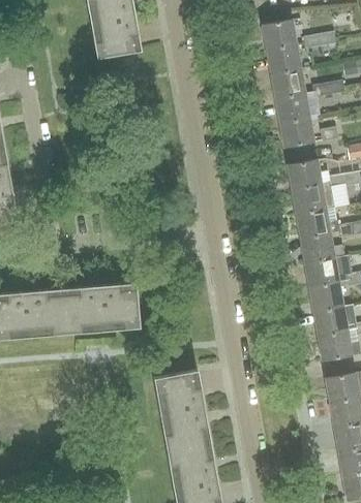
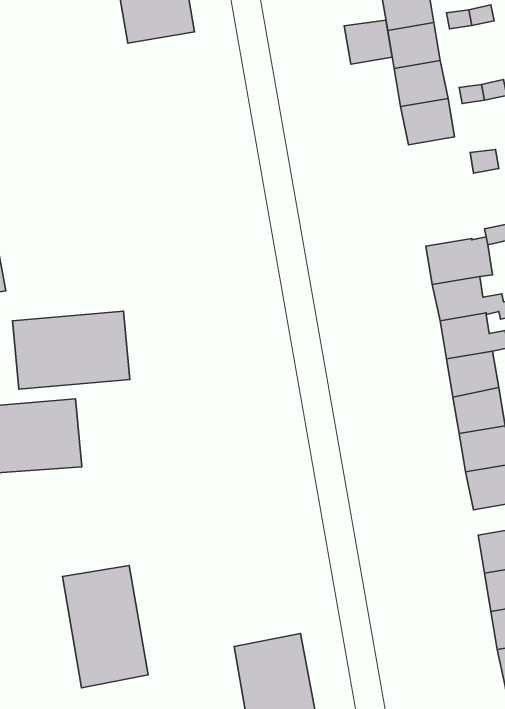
building: none -> [344,20,392,64]
building: [280,119,314,149] -> none
building: [288,160,322,190] -> none
building: [63,283,140,334] -> [13,311,130,389]
building: [154,371,210,450] -> [63,565,148,688]

